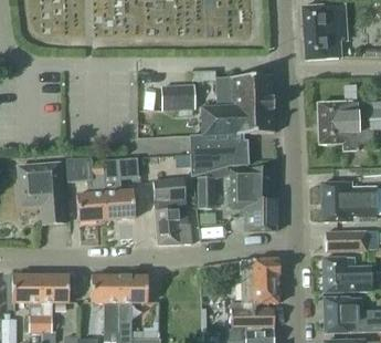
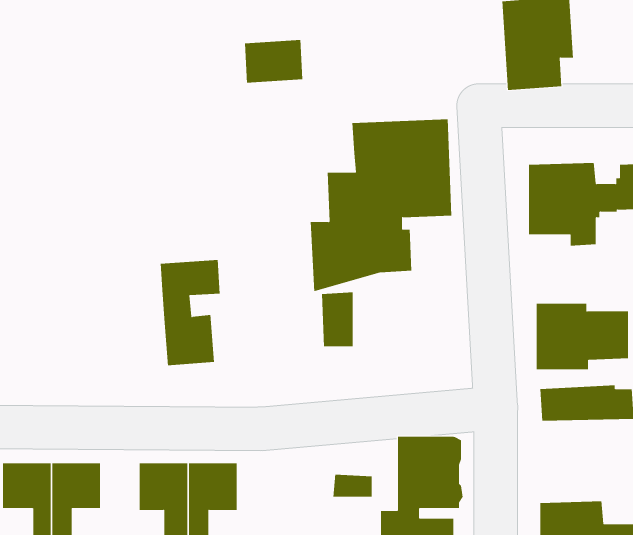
building: [161,83,195,108] -> [244,40,303,83]
building: [66,156,107,220] -> none
building: [15,162,63,222] -> none
building: [230,166,275,230] -> none
building: [152,177,192,245] -> none
building: [322,256,371,291] -> none

